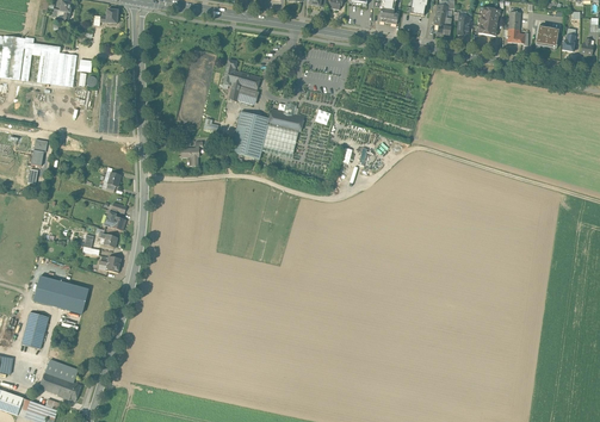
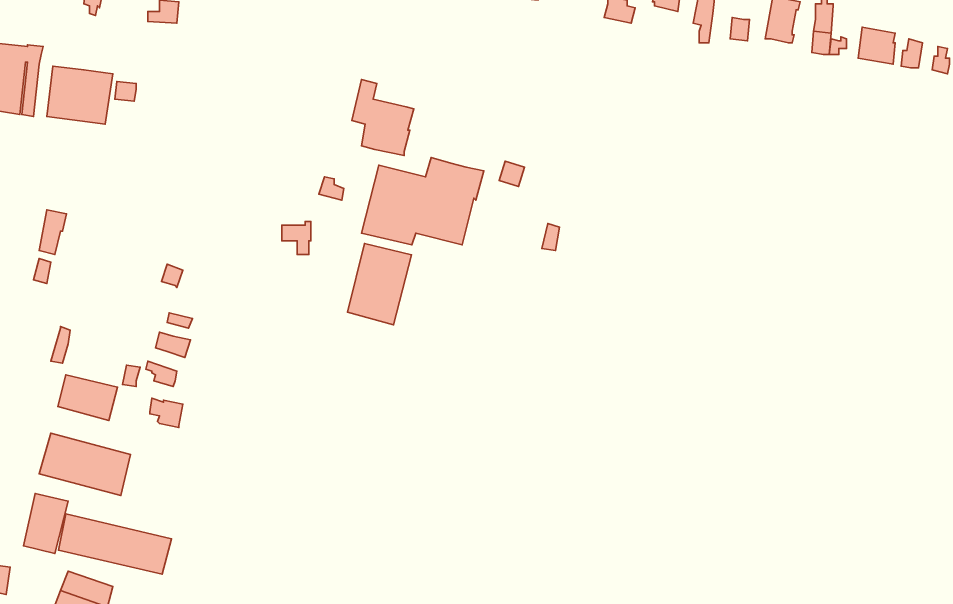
building: none -> [347,244,412,325]
building: none -> [58,375,118,421]
building: none -> [59,514,172,574]

